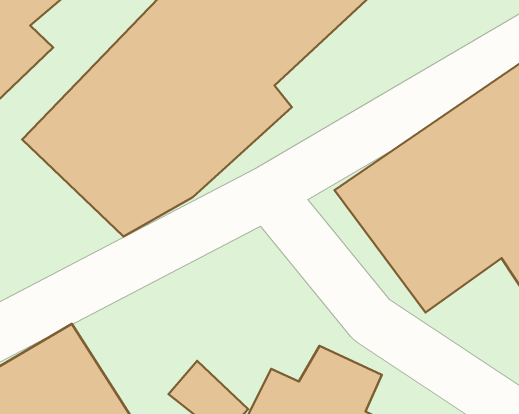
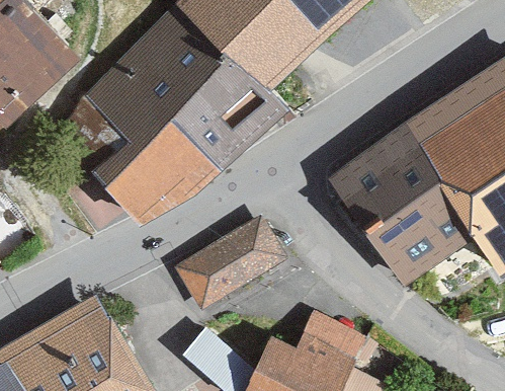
building: none -> [174,217,287,314]

